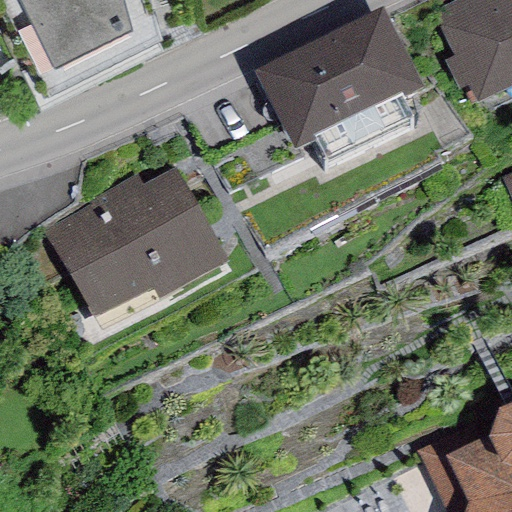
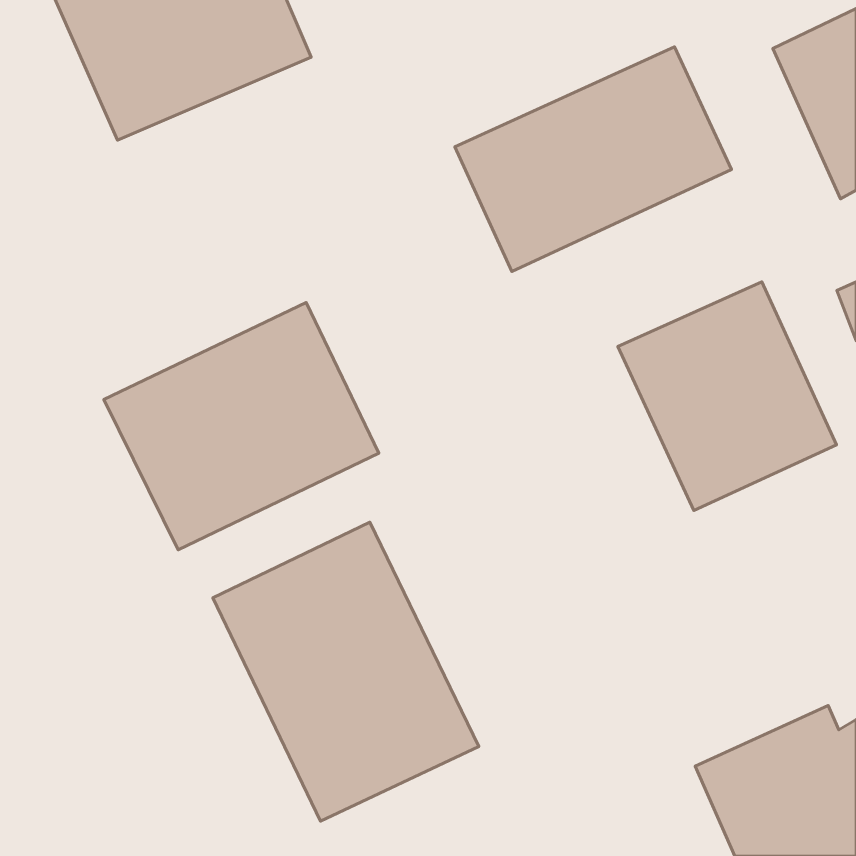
building: none -> [618,282,837,510]
building: none -> [213,522,479,821]

